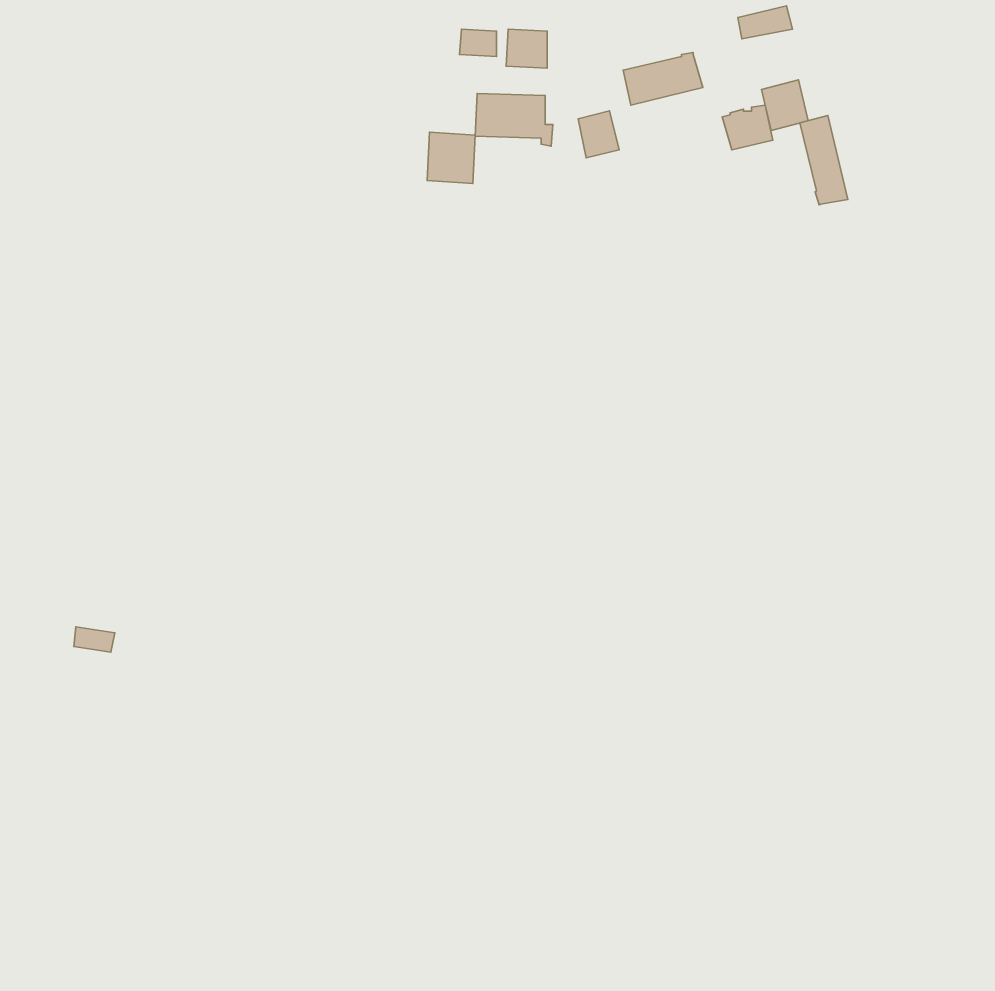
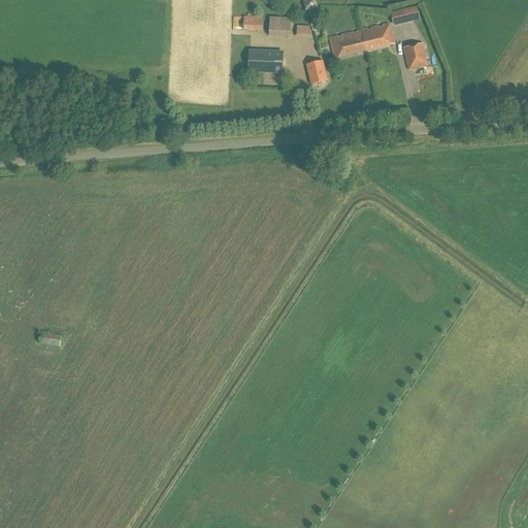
building: [722,105,773,150] -> [367,23,394,46]
building: [800,115,848,205] -> none
building: [427,132,475,183] -> none

